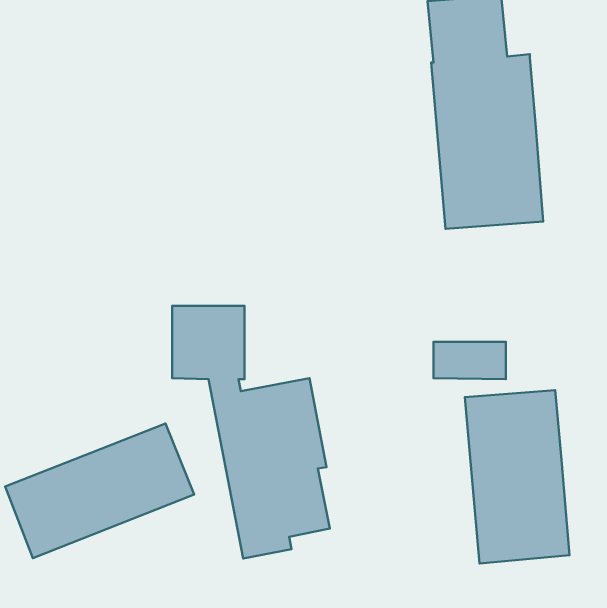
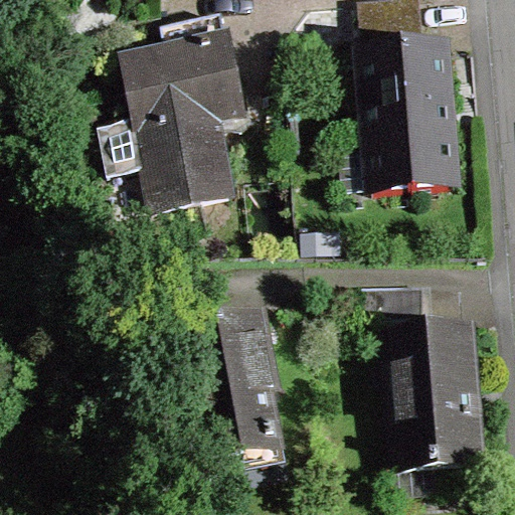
building: none -> [107,14,246,208]
building: [5,424,194,558] -> none

